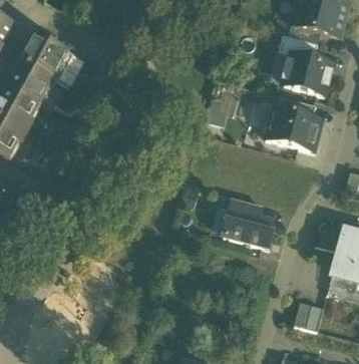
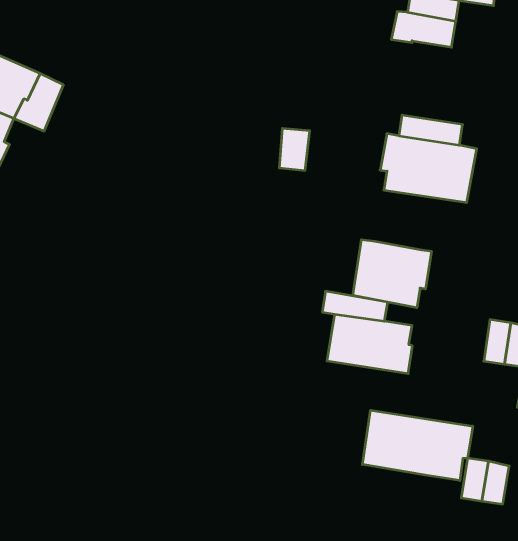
building: [282,54,333,96] -> none
building: none -> [353,240,431,308]
building: none -> [362,410,473,481]

